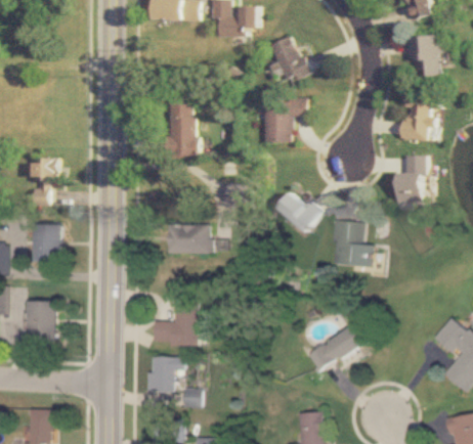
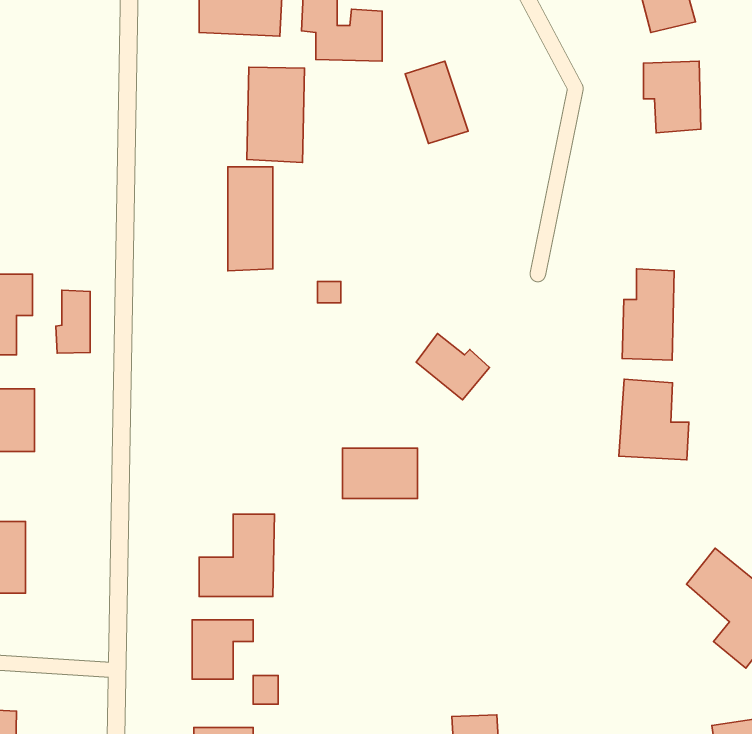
building: none -> [247,67,304,162]
building: [401,95,428,141] -> none
building: [263,100,305,144] -> none
building: none -> [56,290,90,353]
building: [331,220,371,266] -> [619,379,689,460]
building: [167,224,210,253] -> [342,448,418,498]
building: [308,323,364,370] -> none

